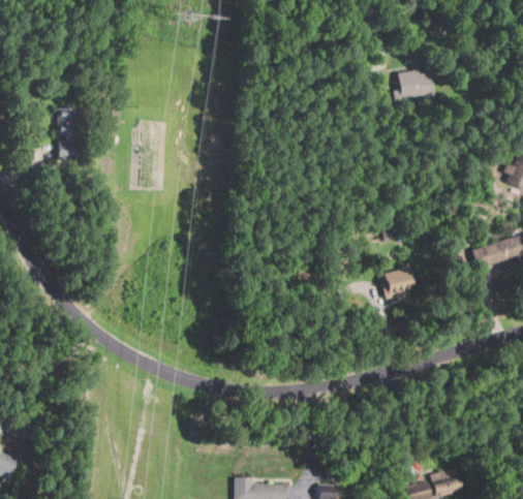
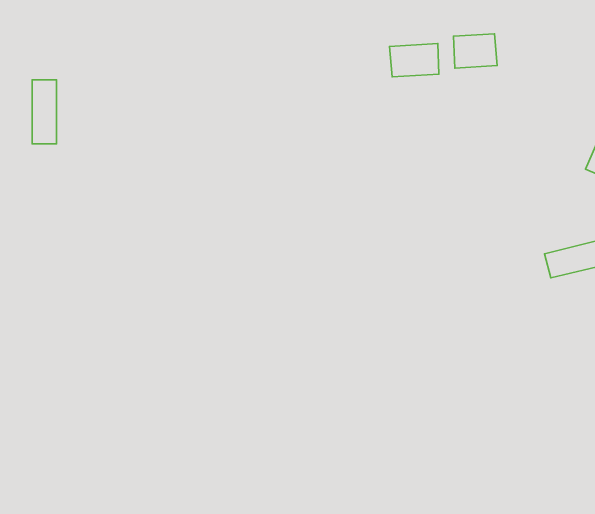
building: none -> [390,44,439,77]
building: [384,264,416,294] -> none

